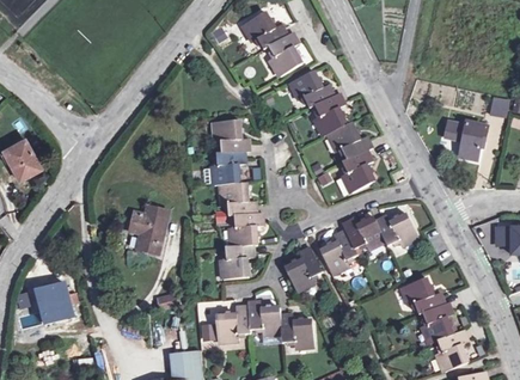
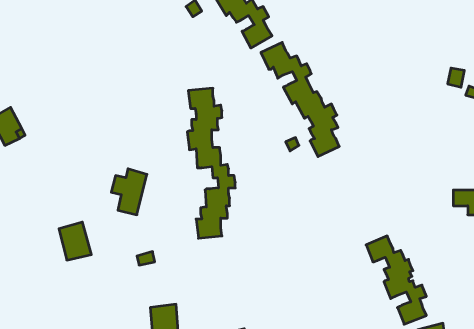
building: [443,121,485,159] -> none
building: [319,213,416,272] -> none
building: [283,246,322,289] -> none
building: [38,281,73,321] -> [59,222,91,260]
building: [215,300,313,347] -> none

